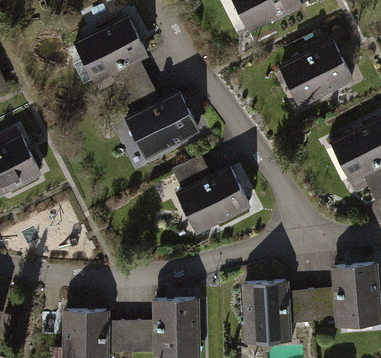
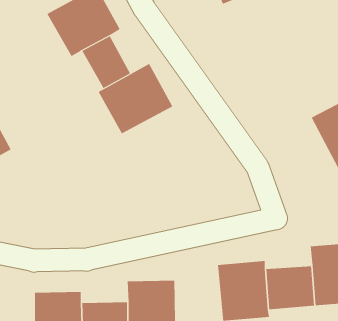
building: [281,42,351,106] -> none
building: [173,160,252,236] -> none

